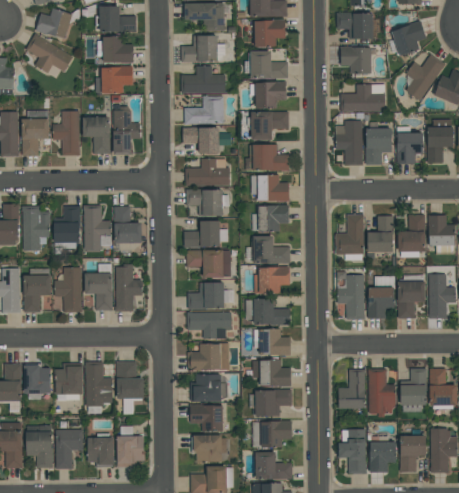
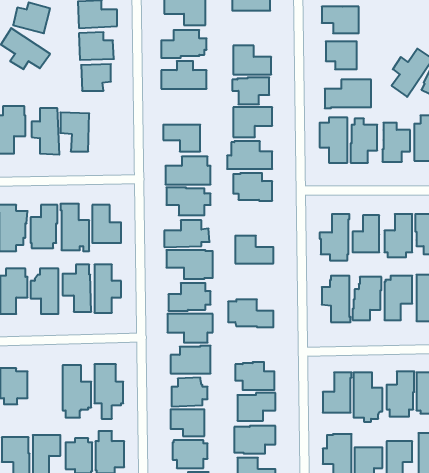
building: [254,20,285,47] -> none
building: [392,21,426,55] -> none
building: [184,96,224,124] -> none
building: [114,106,140,155] -> none
building: [252,205,289,232] -> none
building: [254,267,290,293] -> none
building: [254,329,291,356] -> none
building: [56,363,83,400] -> none

